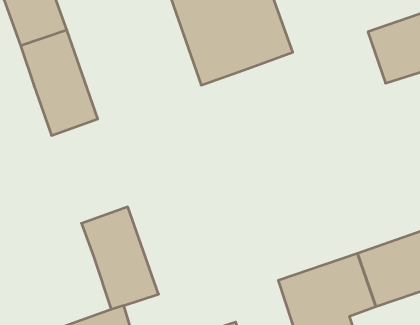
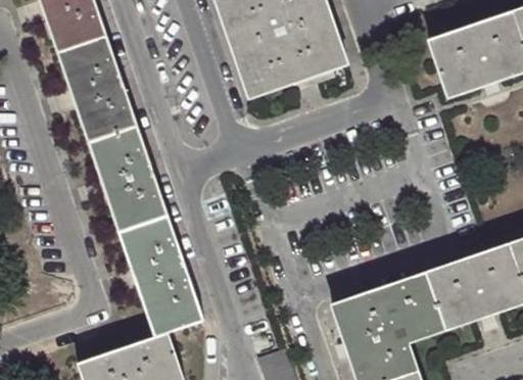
building: none -> [91,134,172,244]

